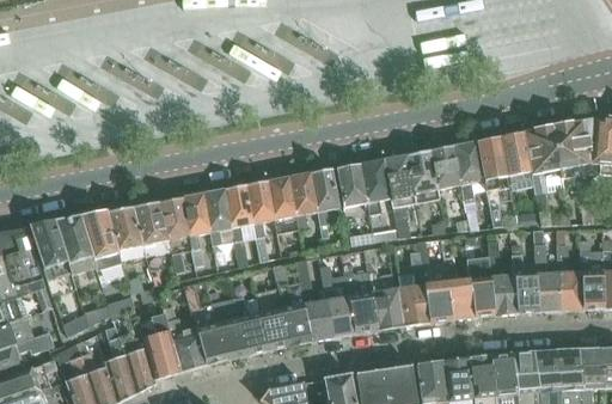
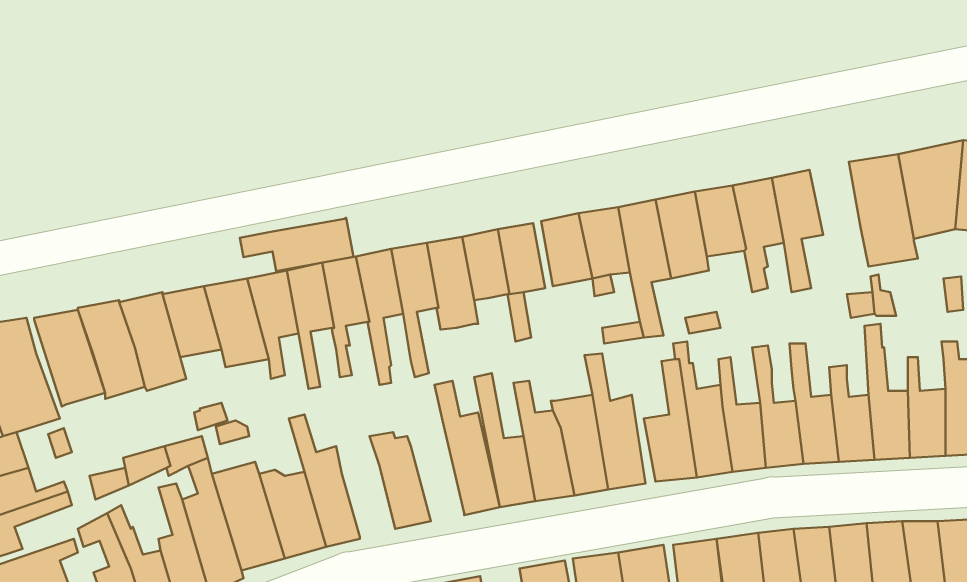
building: [498,131,530,176] -> none
building: none -> [240,218,353,271]
building: [207,283,247,359] -> none
building: [255,288,289,349] -> none

